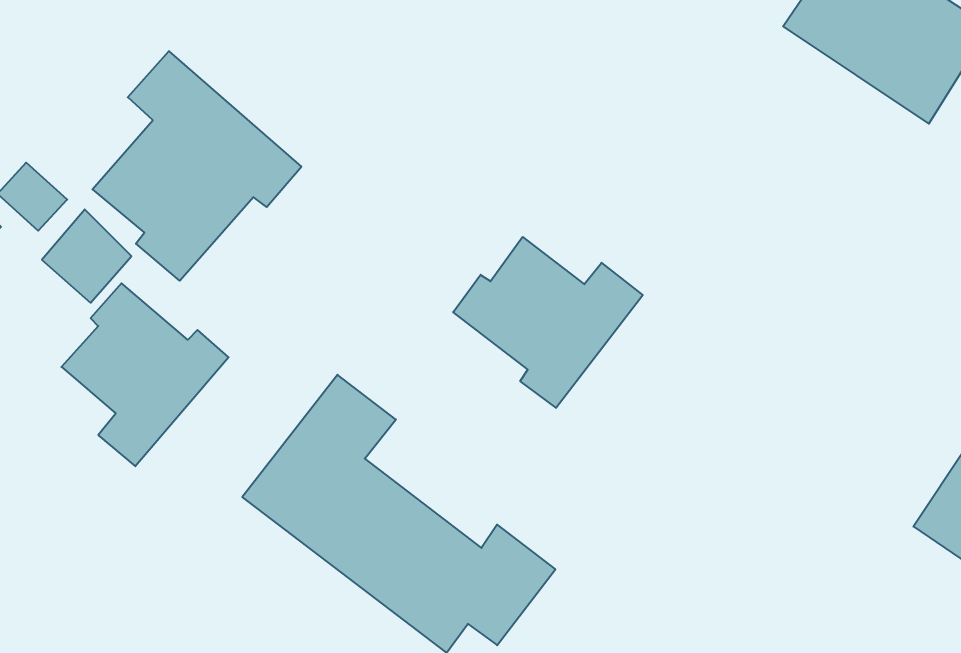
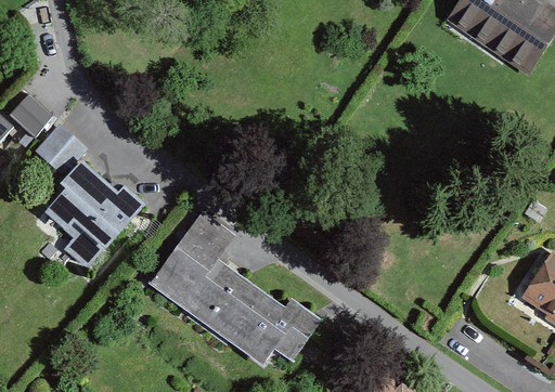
building: [92,51,301,281] -> none
building: [453,237,643,408] -> none

